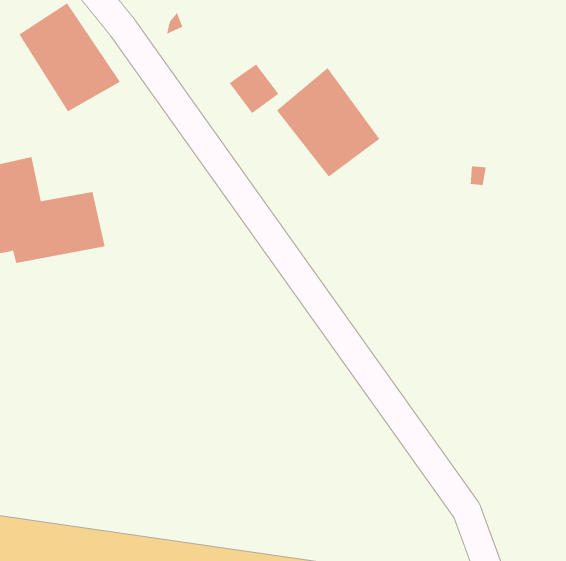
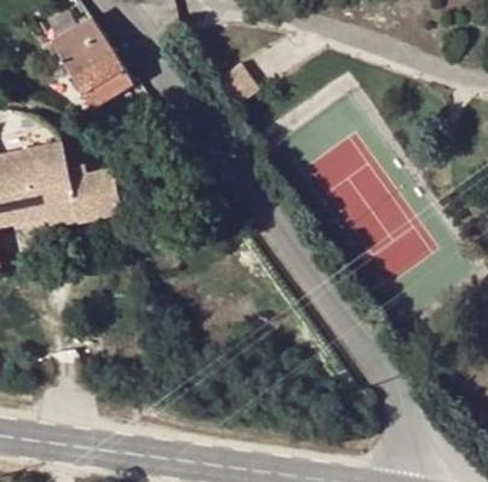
building: [276,67,380,177] -> none

